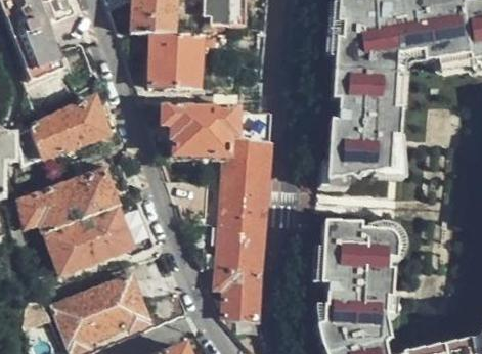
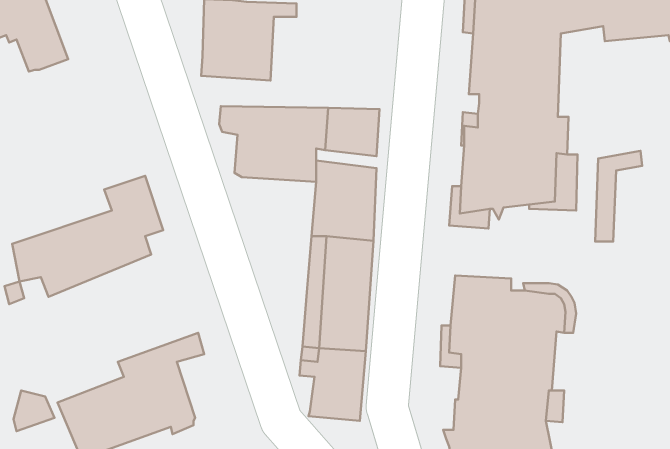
building: [392,51,424,113] -> [595,151,642,242]
building: [19,98,106,164] -> none
building: [47,206,132,273] -> none

